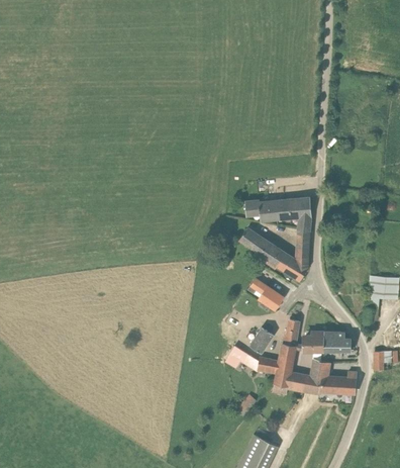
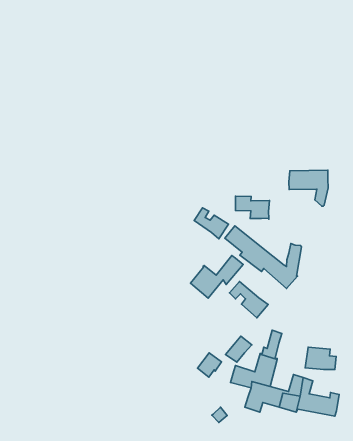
building: [276,197,312,230] -> [289,170,328,206]
building: none -> [194,208,229,239]
building: none -> [191,255,243,298]
building: [303,331,324,352] -> none

